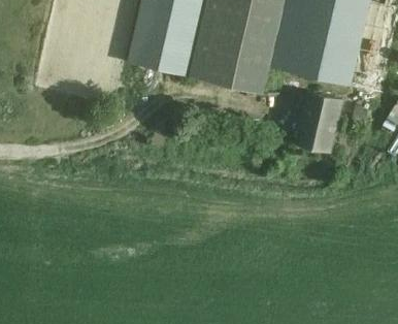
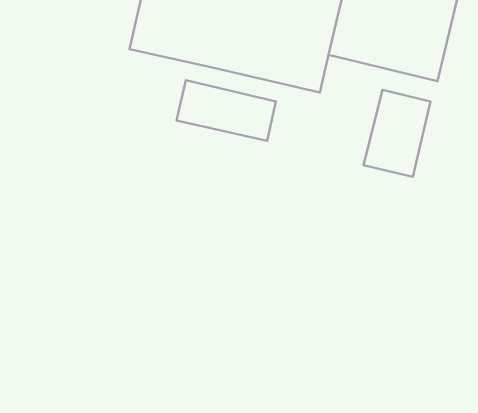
building: none -> [176,80,276,141]

